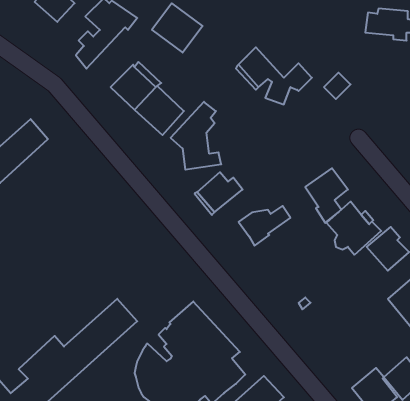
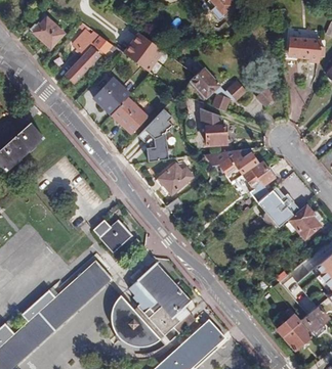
building: none -> [201,110,226,145]
building: [239,206,290,246] -> [217,152,257,183]
building: none -> [92,220,130,251]

